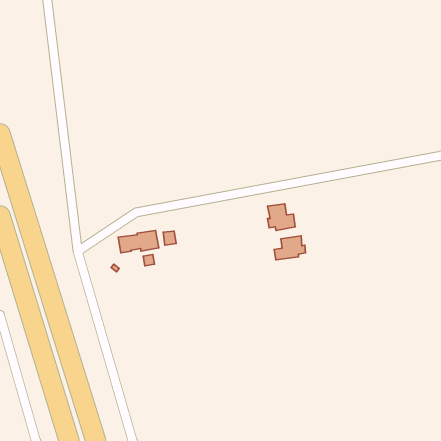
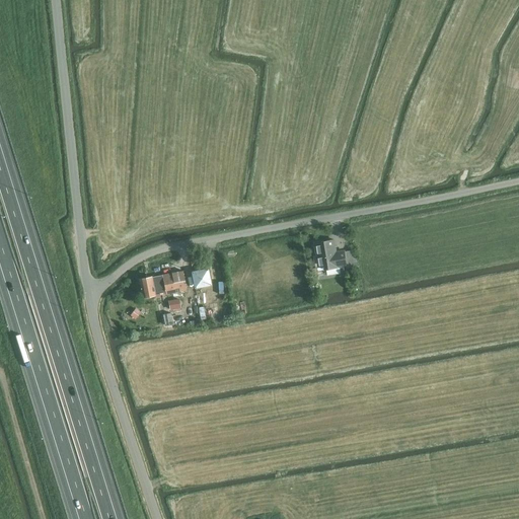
building: [274,236,306,260] -> none

